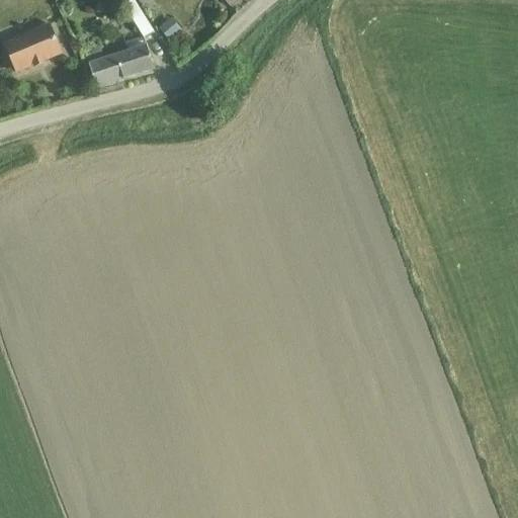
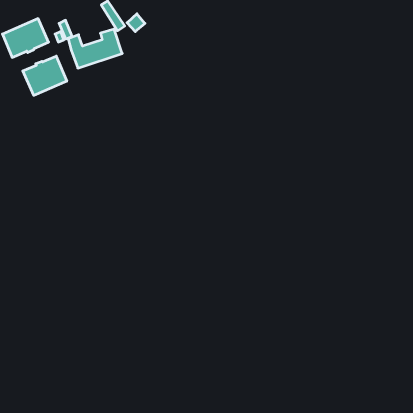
building: none -> [23,56,67,95]

